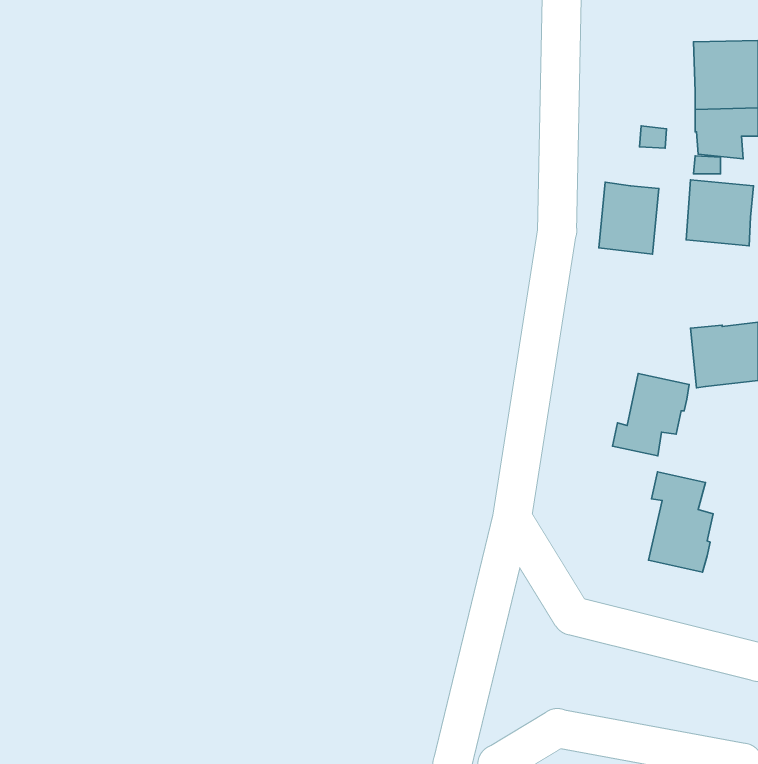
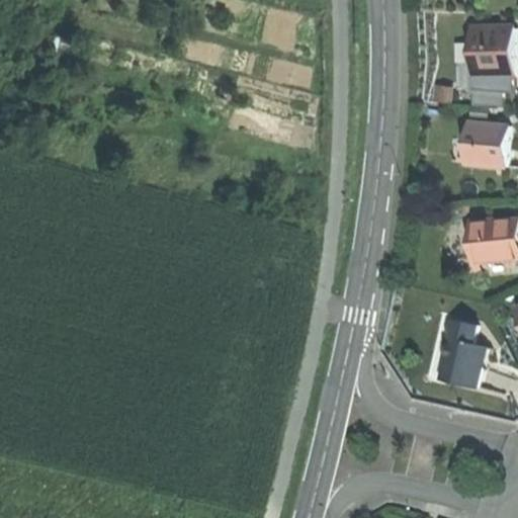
building: [599,182,659,254] -> none
building: [613,374,689,456] -> none

